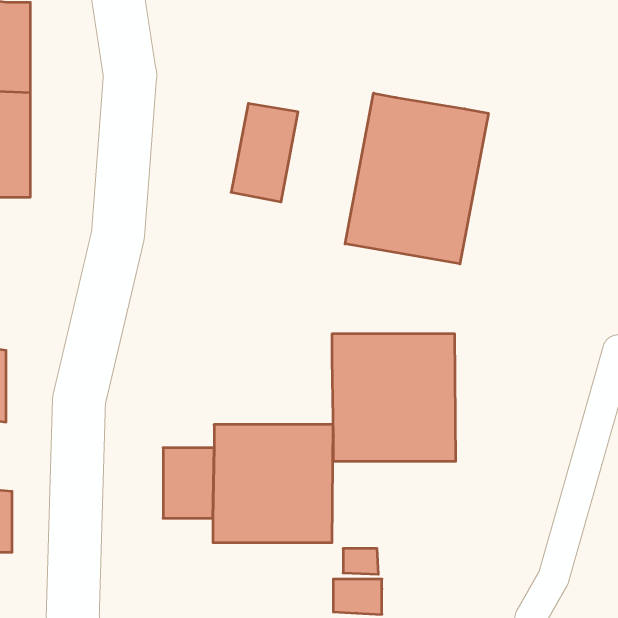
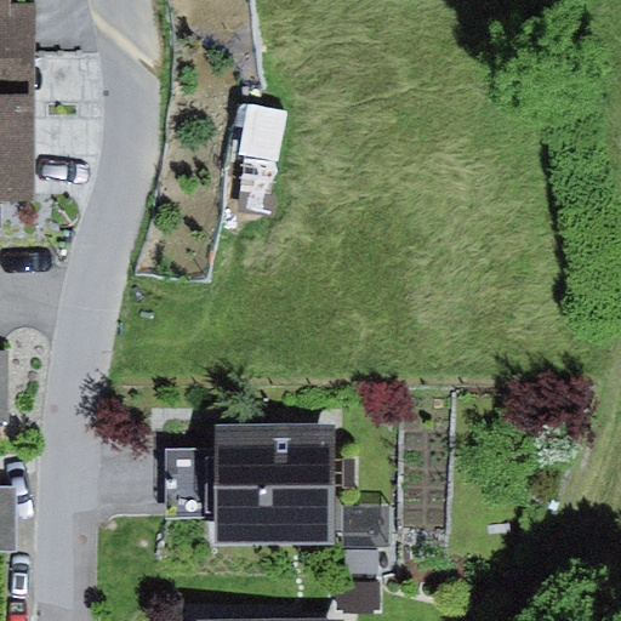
building: [345,93,488,264] -> none
building: [332,334,456,461] -> none

